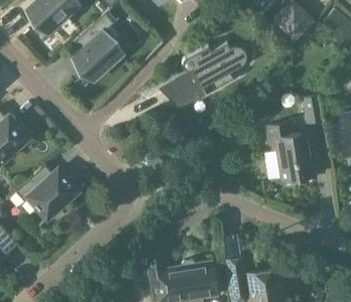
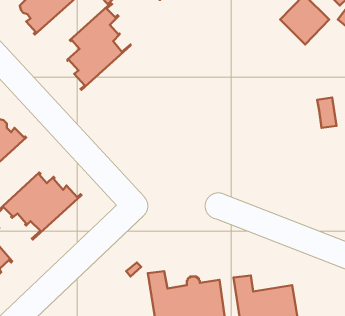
building: [148,40,247,108] -> none
building: [265,122,316,181] -> none

